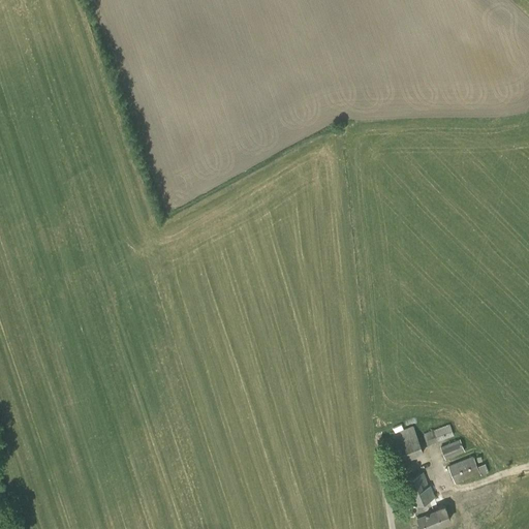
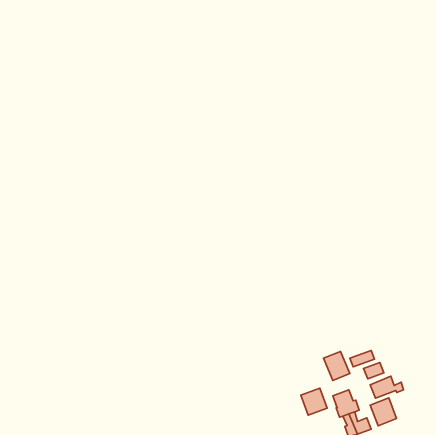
building: none -> [301,388,327,415]
building: none -> [370,398,396,426]

